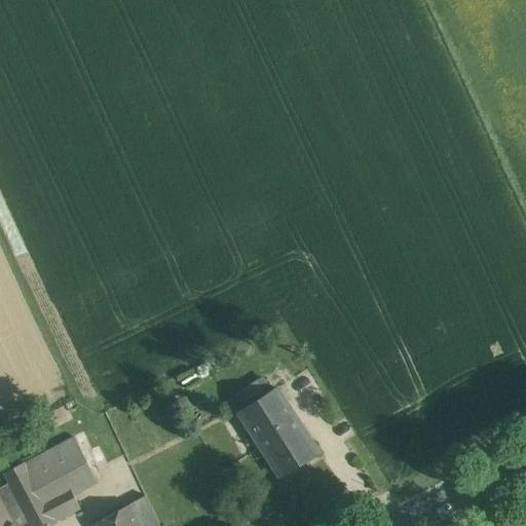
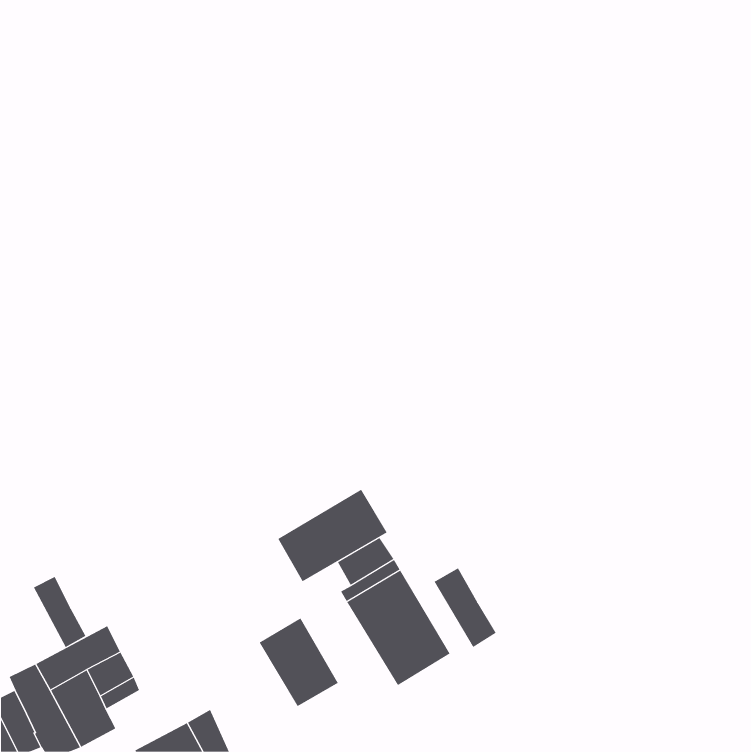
building: none -> [278,489,387,582]
building: none -> [434,568,497,648]
building: none -> [33,576,86,648]
building: none -> [259,617,338,707]

